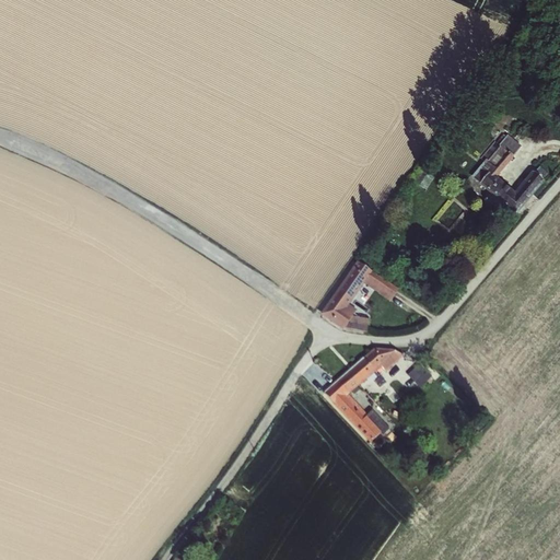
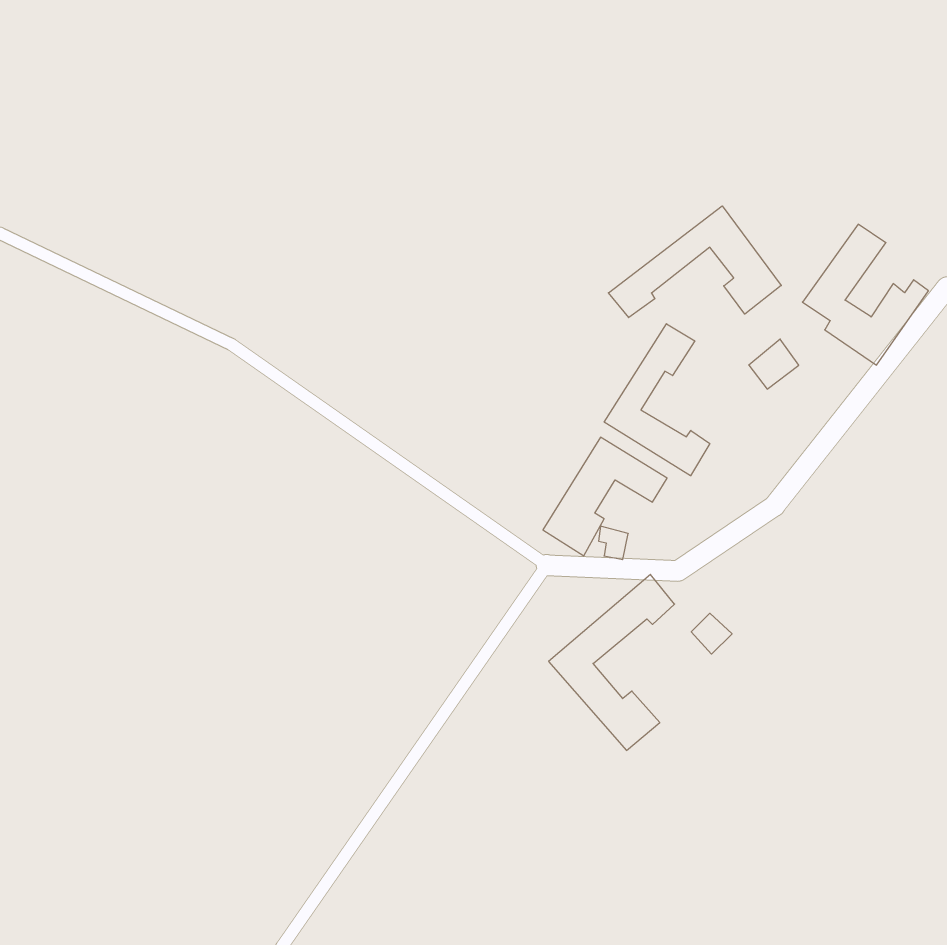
building: none -> [608,206,781,318]
building: none -> [604,324,710,476]

